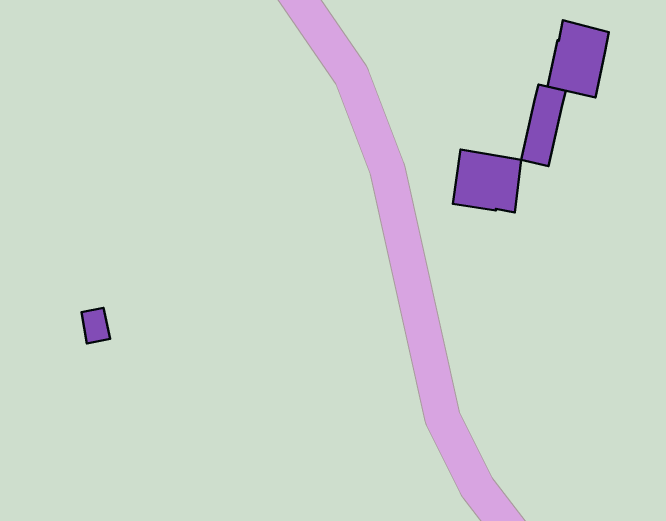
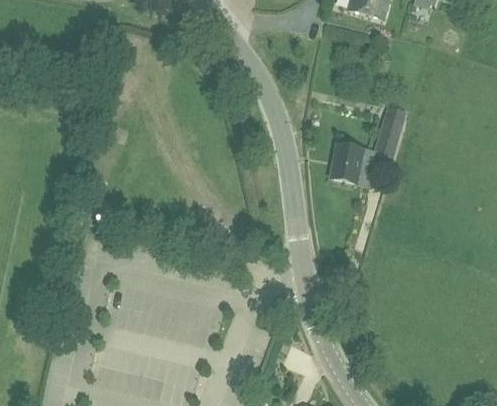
building: [547,20,609,98] -> none

